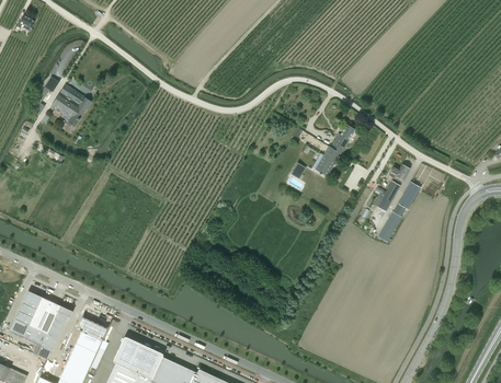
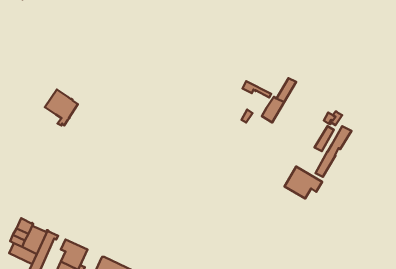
building: [50,84,90,127] -> [45,90,78,125]
building: none -> [284,167,322,198]

